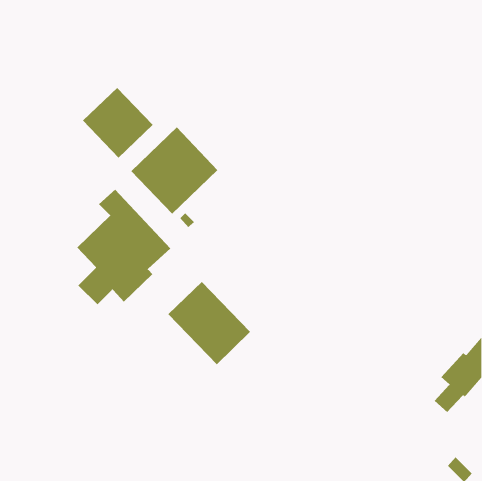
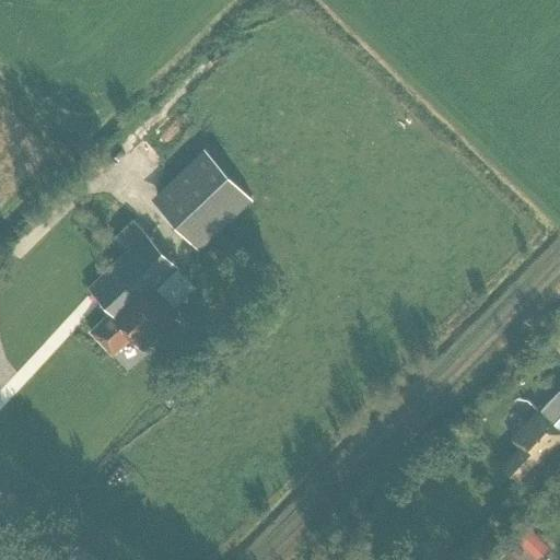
building: [82,87,153,158] -> none
building: [168,281,251,365] -> none

